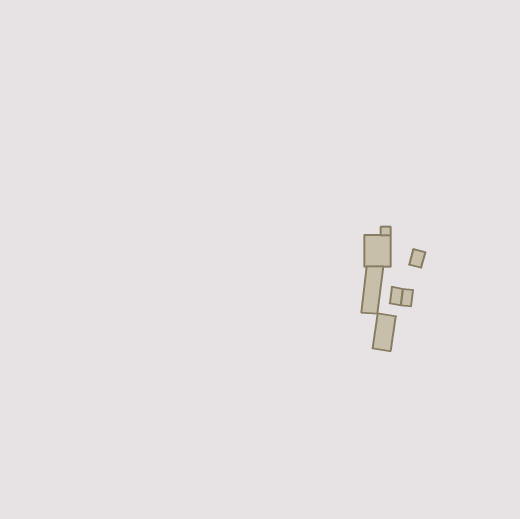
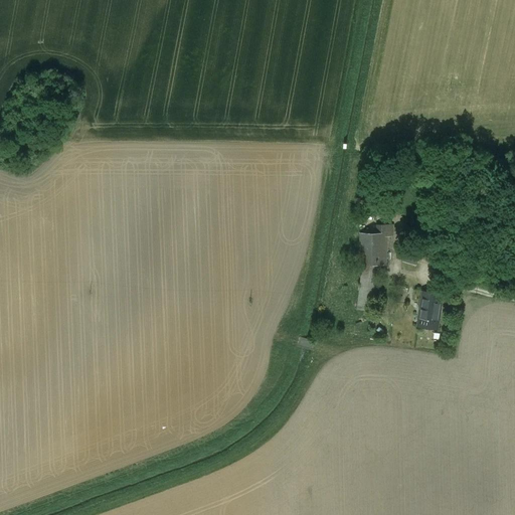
building: [372,313,396,351] -> [418,291,442,328]

